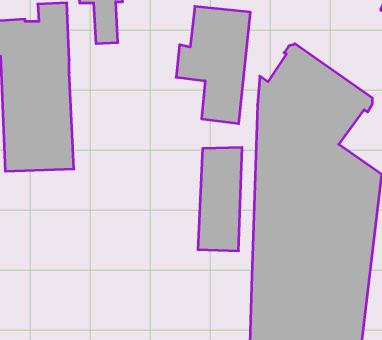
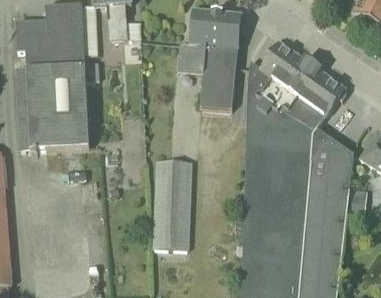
building: [198,147,242,251] -> [153,160,191,249]

